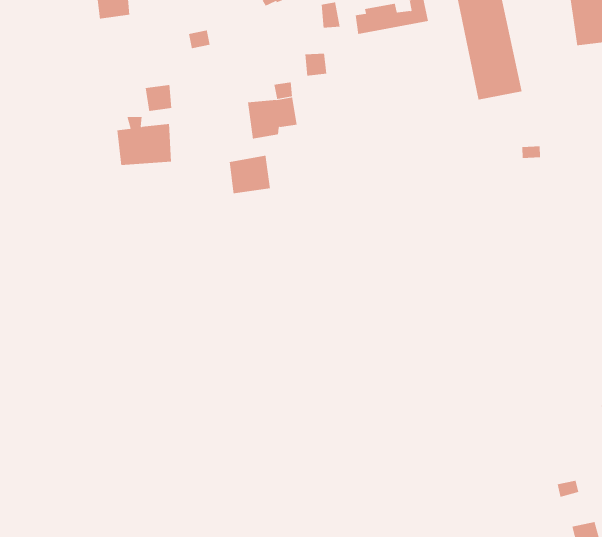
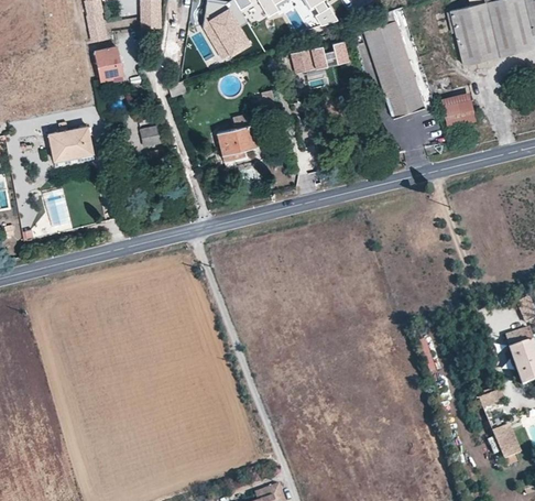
building: none -> [439,91,474,127]
building: [117,116,172,165] -> [47,121,91,160]
building: [229,155,270,194] -> none

